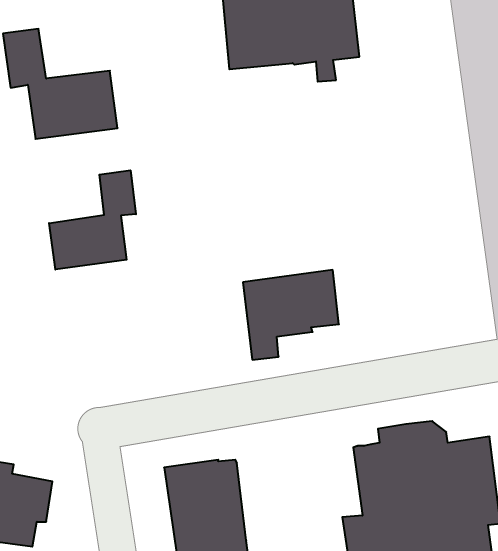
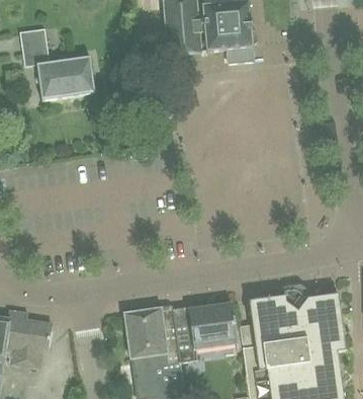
building: [49,170,136,270] -> none
building: [243,270,339,360] -> [173,304,236,363]

